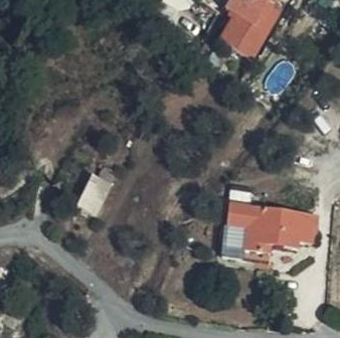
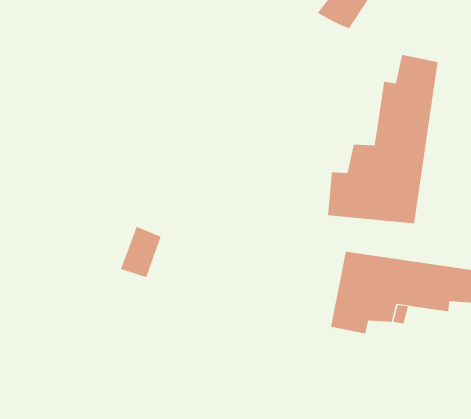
building: none -> [328,54,438,224]

